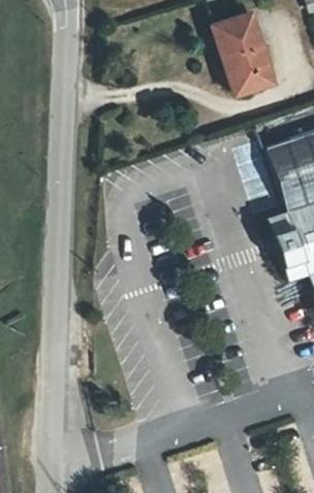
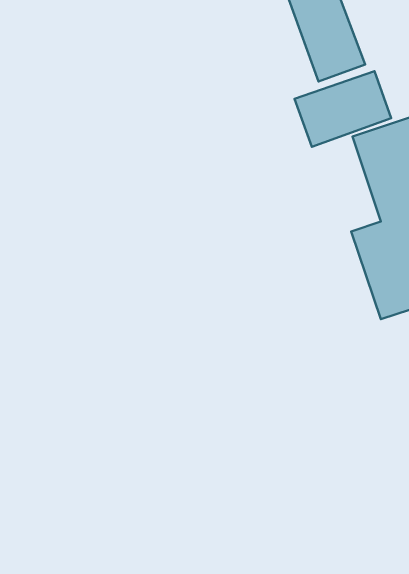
building: none -> [294,71,391,147]

